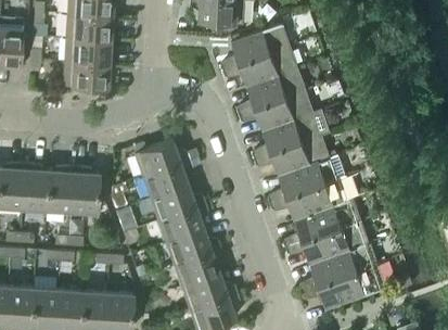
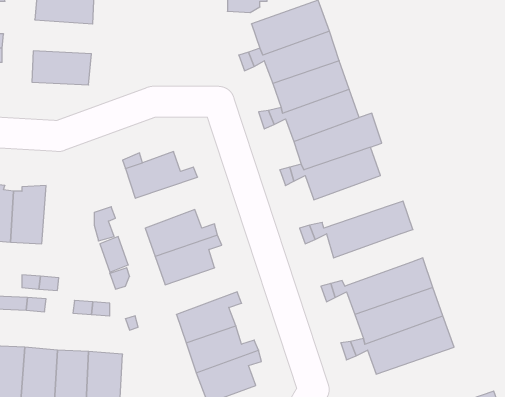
building: [64,39,110,65] -> none
building: [279,155,347,199] -> none
building: [142,160,192,199] -> none
building: [71,166,99,212] -> none
building: [294,200,362,243] -> none
building: [165,229,220,265] -> none

